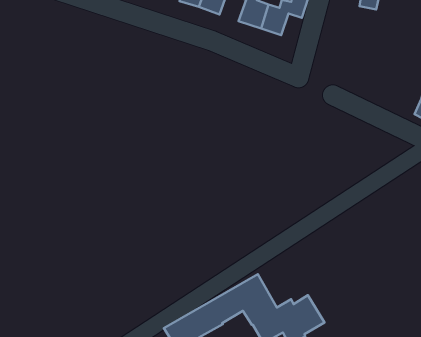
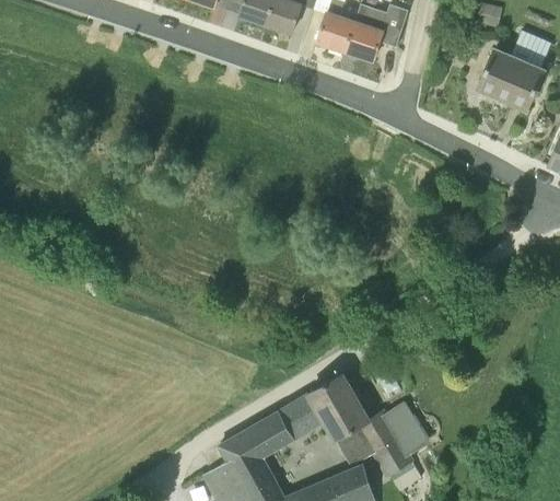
building: none -> [477,31,550,109]

